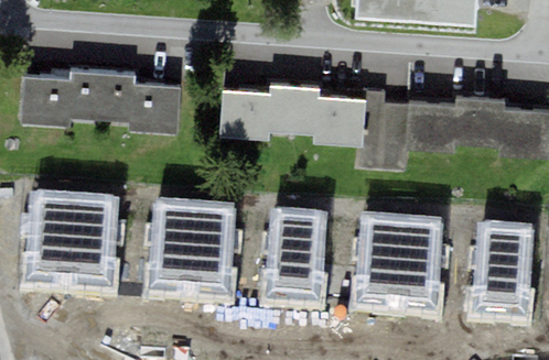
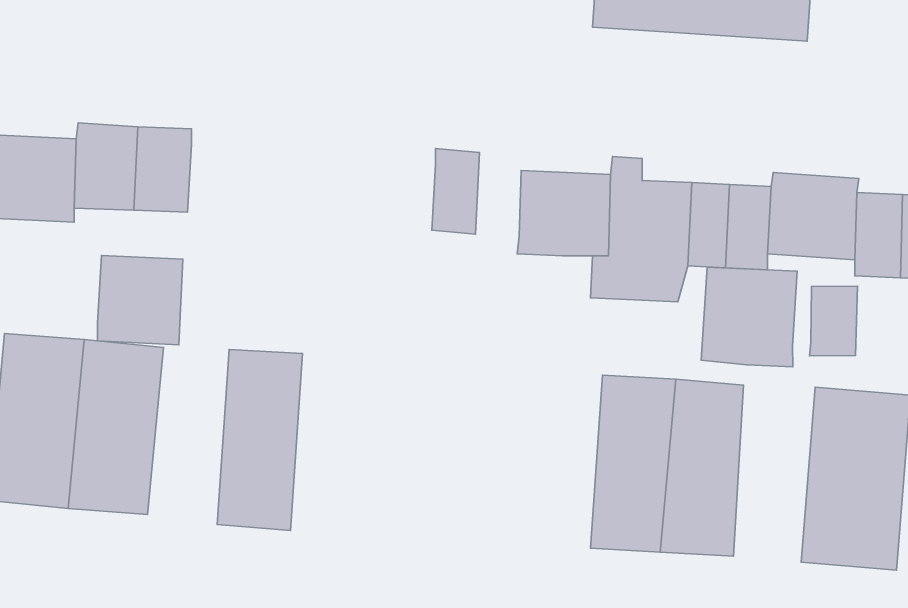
building: [131,84,179,133] -> [98,255,183,345]
building: [291,88,317,134] -> none
building: [219,91,269,140] -> none
building: none -> [701,267,797,367]
building: none -> [810,286,857,356]
building: [189,199,235,298] -> none
building: [265,207,329,308] -> none

